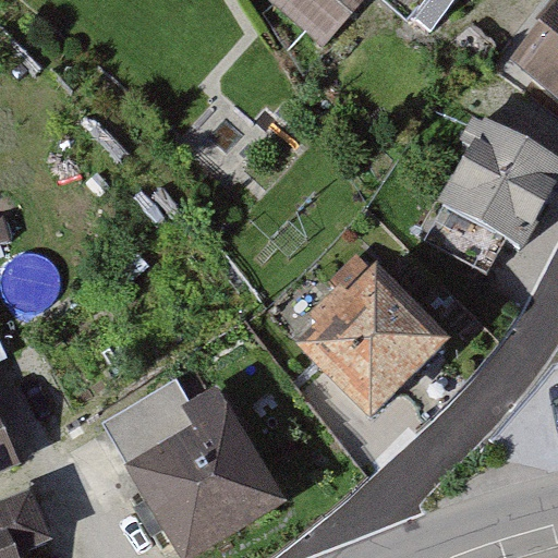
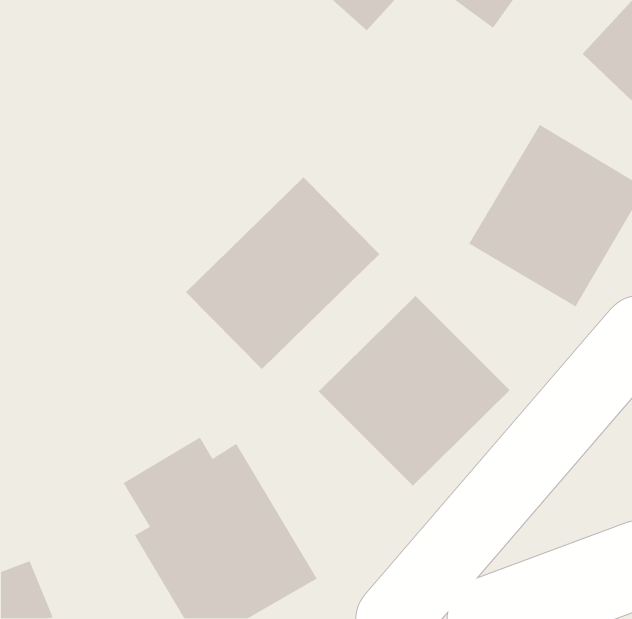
building: none -> [185,176,380,370]

